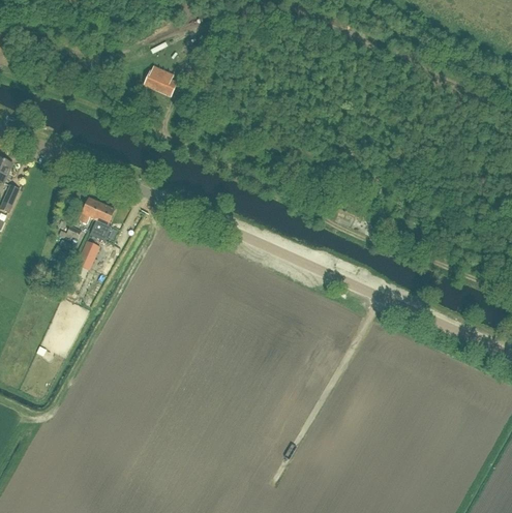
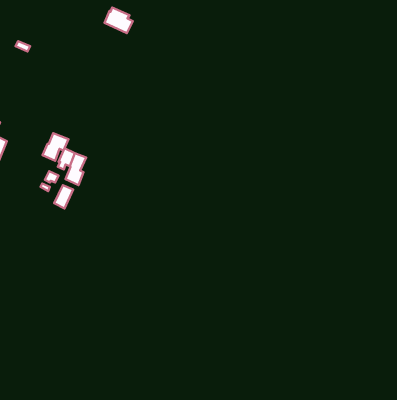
building: [143,65,177,96] -> [104,7,133,33]
building: none -> [43,133,68,161]

